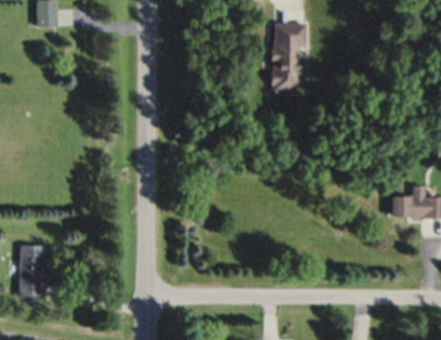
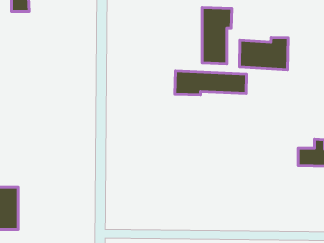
building: none -> [239,38,288,70]
building: none -> [175,71,247,95]

